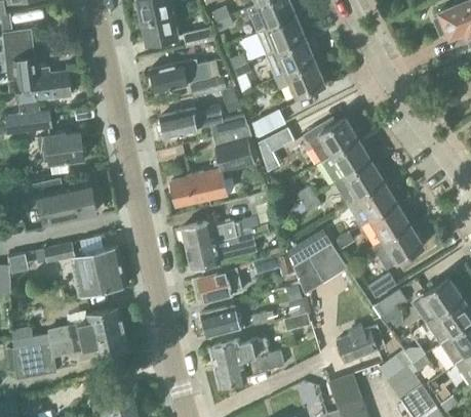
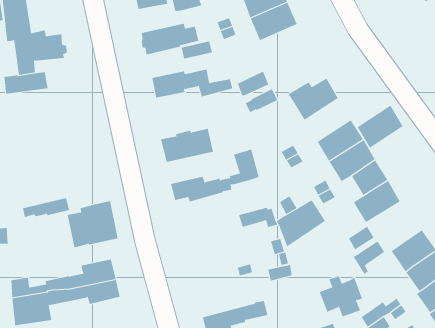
building: [275,60,325,97] -> none
building: [213,128,259,172] -> none
building: [38,133,83,167] -> none
building: [322,138,371,184] -> [357,105,403,149]
building: [32,178,97,223] -> none
building: [186,228,257,269] -> none
building: [195,268,238,300] -> none
building: [201,307,243,337] -> none
building: [209,338,269,369] -> none

